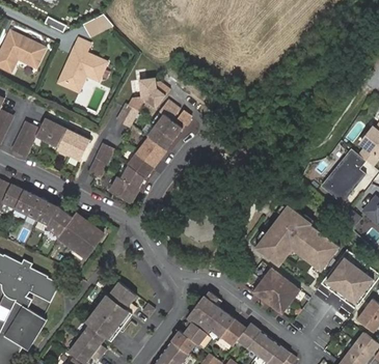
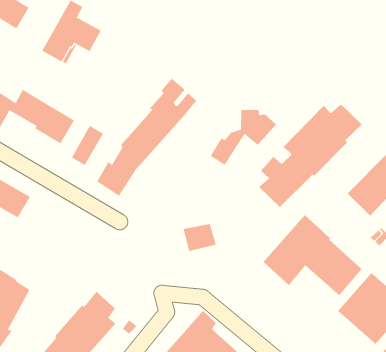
building: [116,78,170,127] -> [210,110,277,166]
building: none -> [258,104,363,208]
building: [47,206,103,258] -> none
building: [252,268,300,313] -> none

